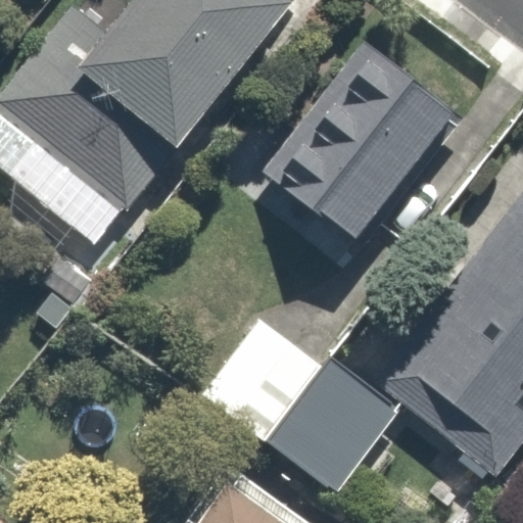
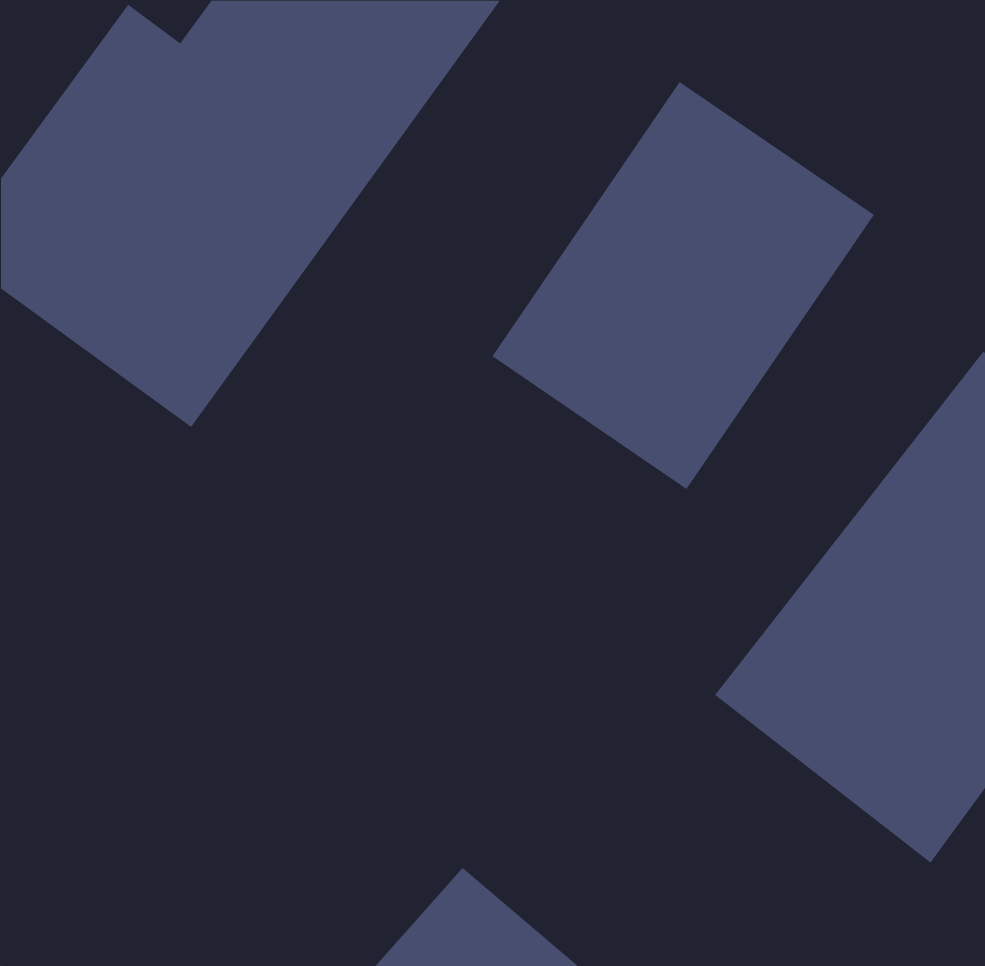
building: [200,319,400,498] -> none

